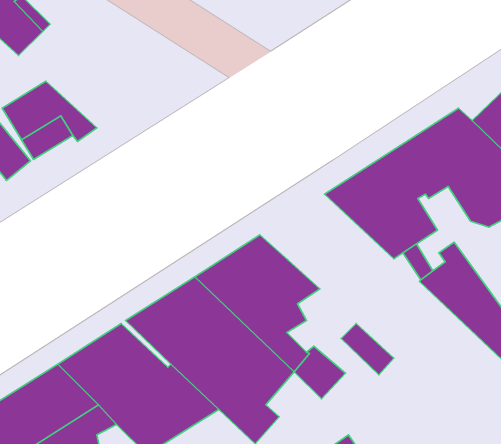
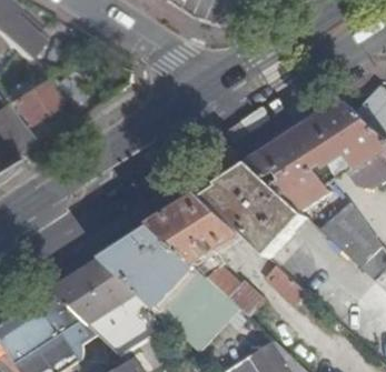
building: none -> [201,163,305,252]

